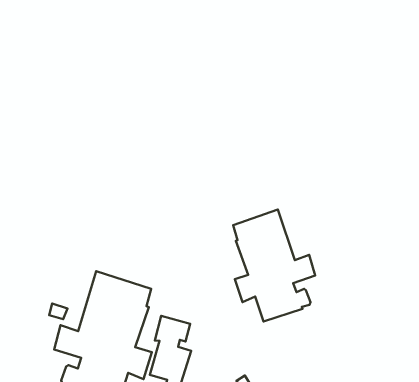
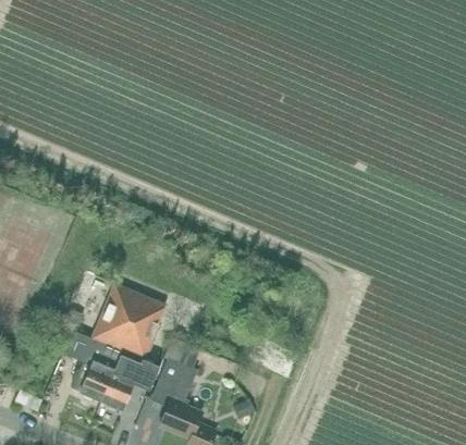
building: [233,210,315,321] -> none

